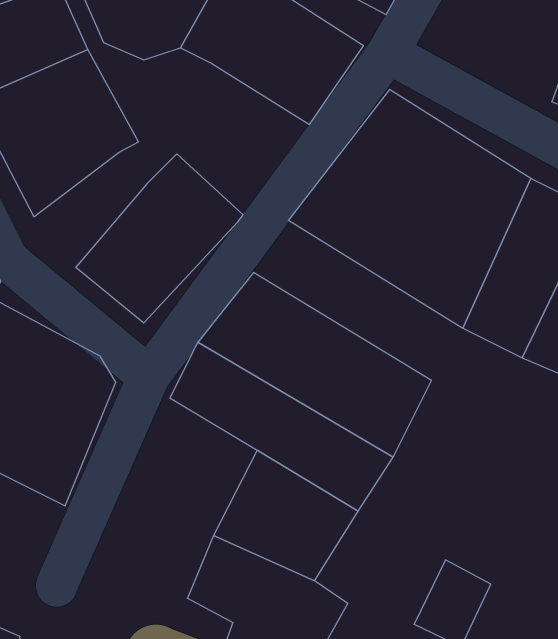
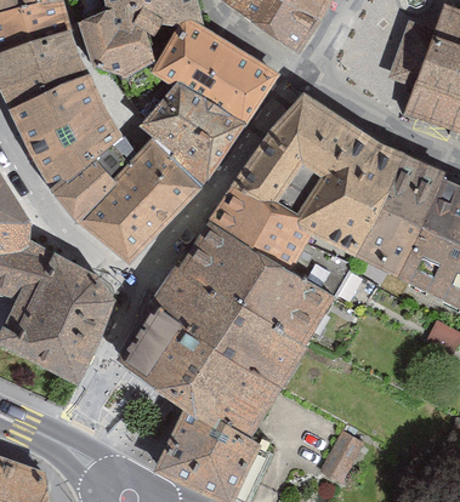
building: none -> [136,80,243,186]
building: none -> [51,142,130,222]
building: none -> [204,189,350,301]
building: none -> [119,313,206,409]

